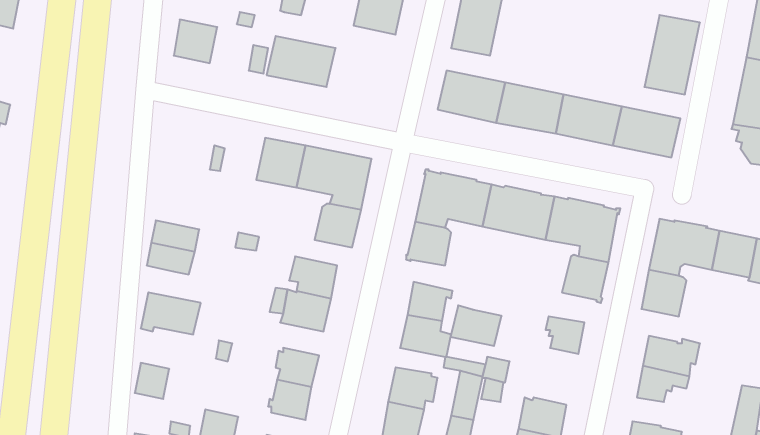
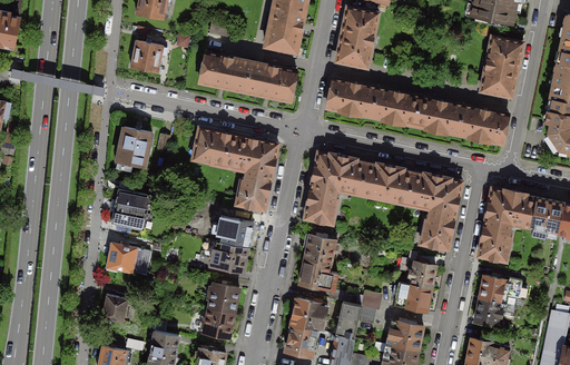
building: none -> [245,62,296,101]
building: none -> [117,128,151,168]
building: [451,305,502,346] -> [394,282,432,312]

